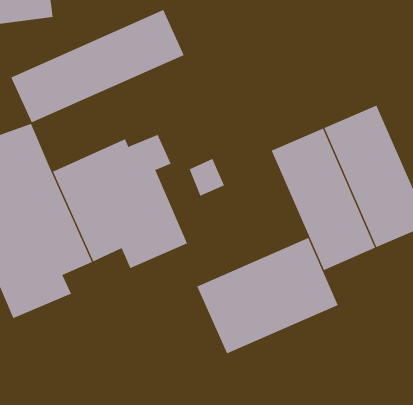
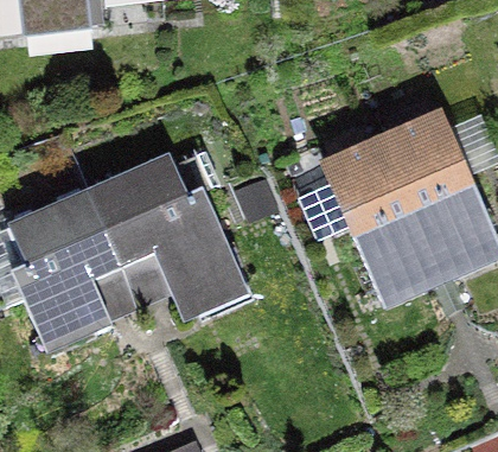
building: [10,9,184,123] -> none
building: [196,237,339,354] -> none

